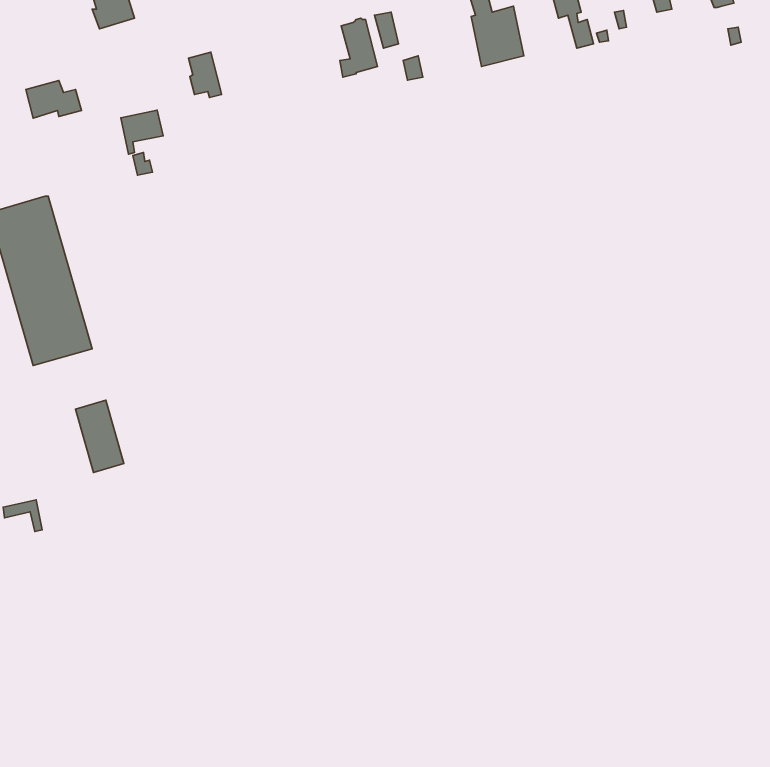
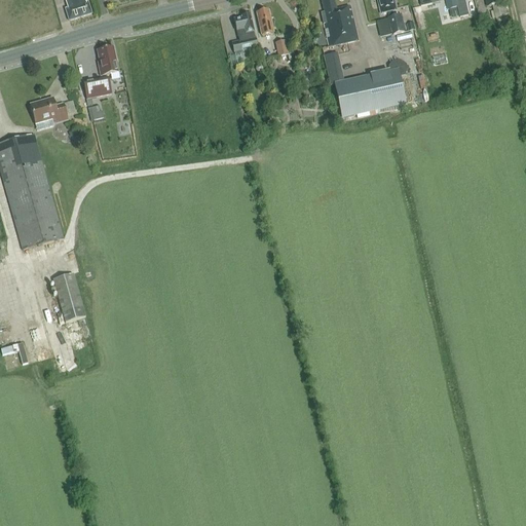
building: [188,52,222,97] -> [97,45,119,76]
building: none -> [322,51,406,116]
building: [26,80,82,118] -> [29,97,67,122]

